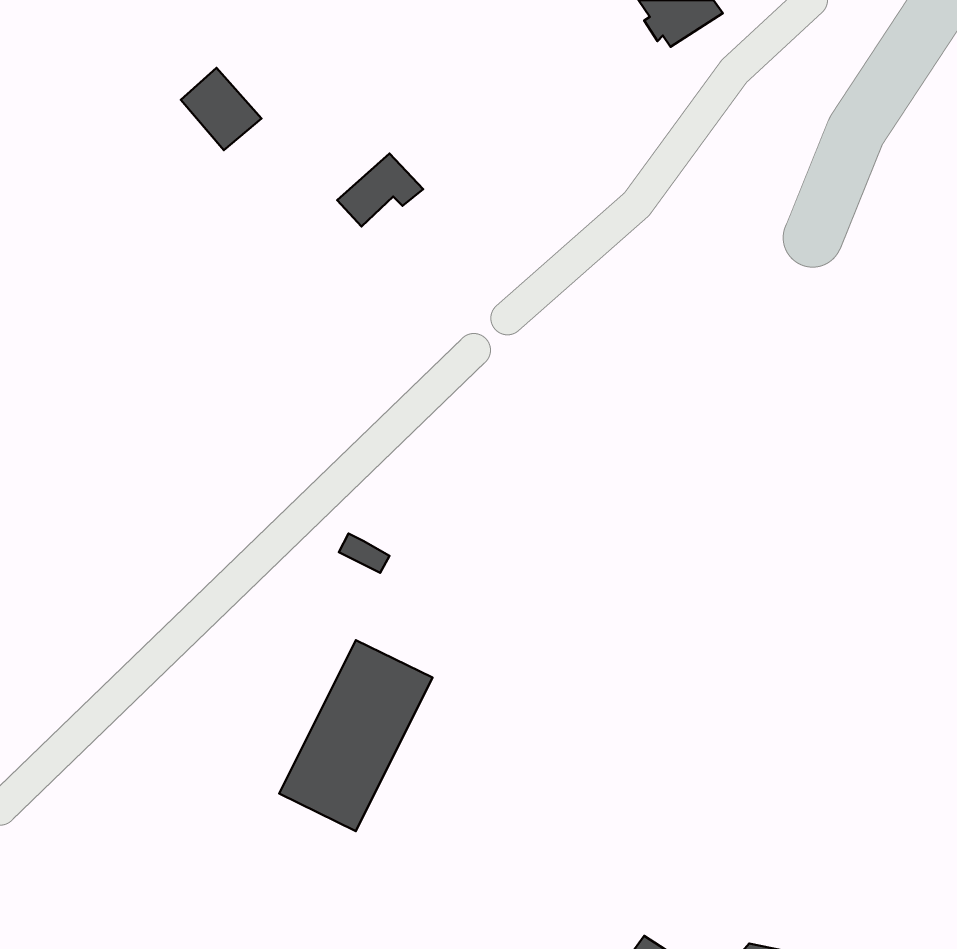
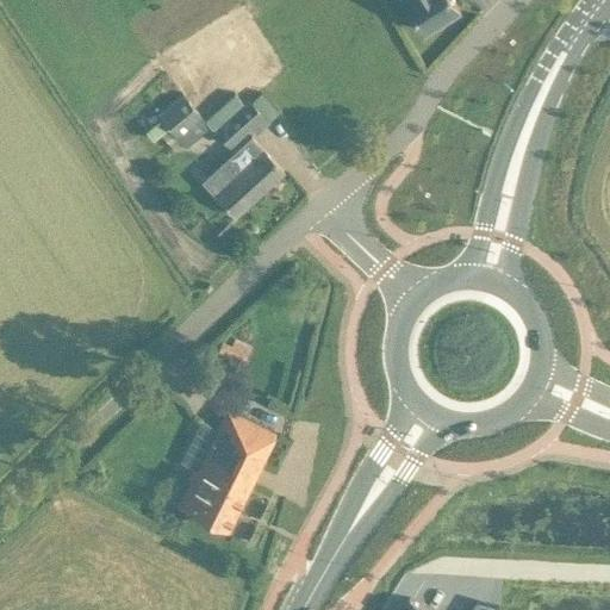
building: [181,68,261,150] -> [158,98,210,150]
building: none -> [203,139,284,219]

